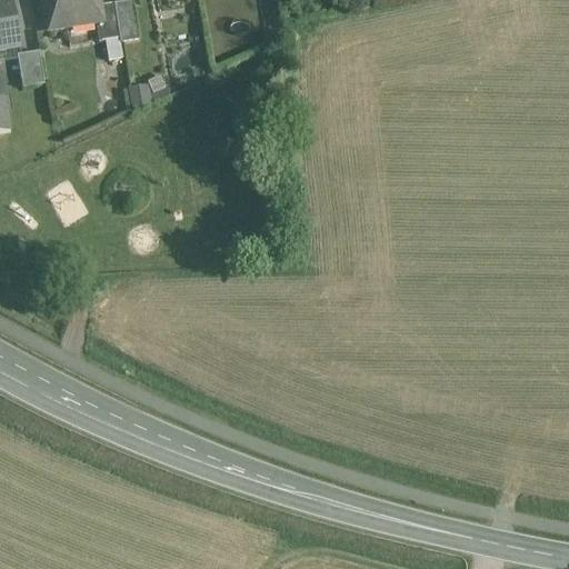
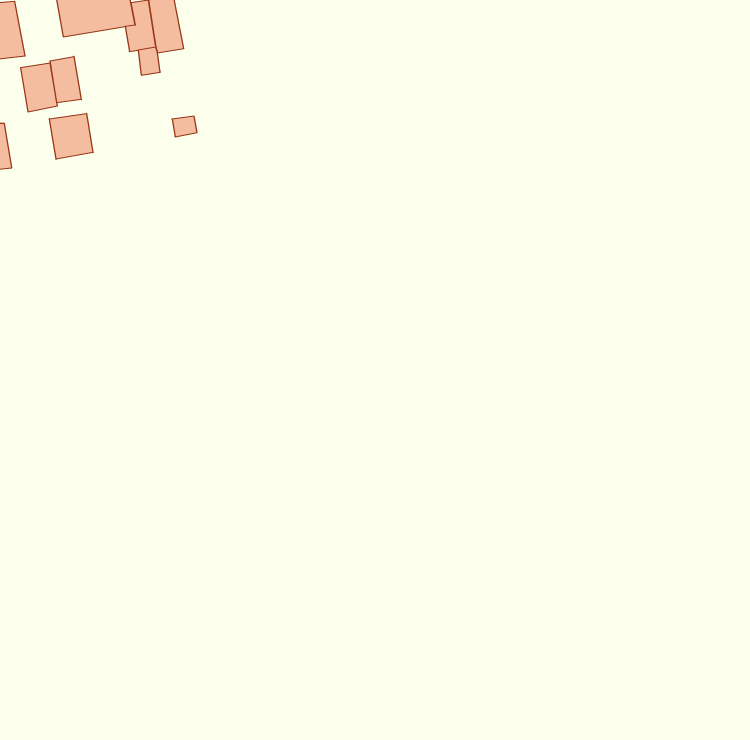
building: none -> [50,56,81,103]
building: none -> [49,113,93,159]

